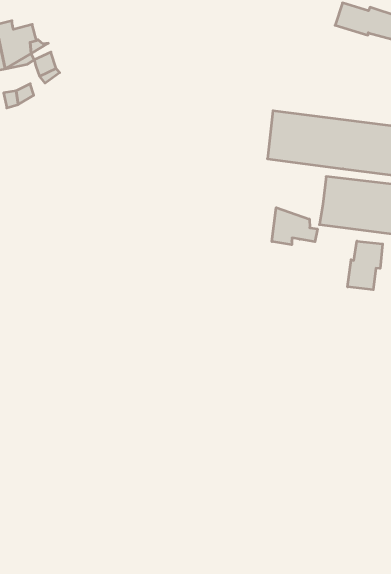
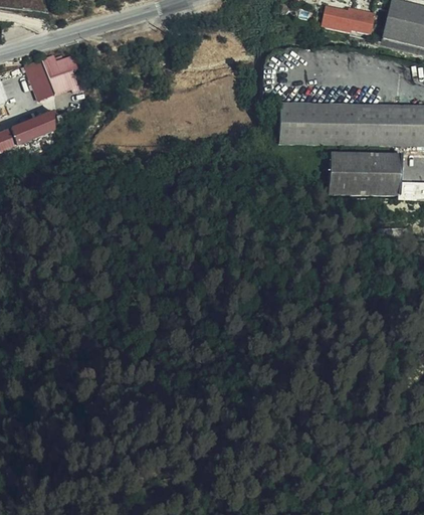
building: [272,208,317,245] -> none
building: [348,241,383,290] -> none

